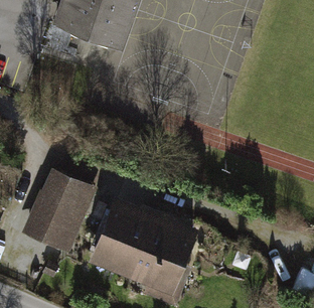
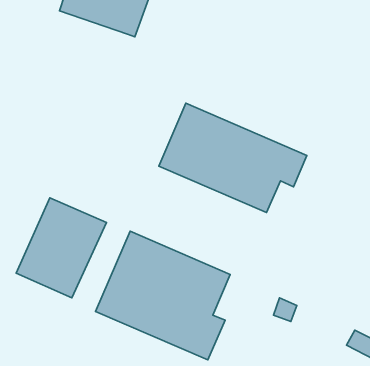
building: none -> [159,103,307,213]

